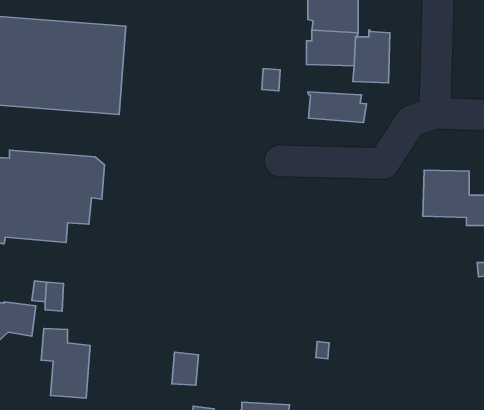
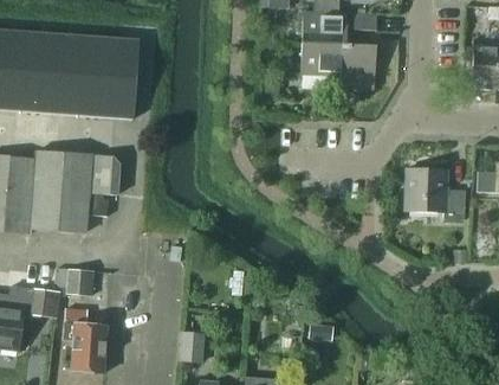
building: [308,92,366,122] -> none

